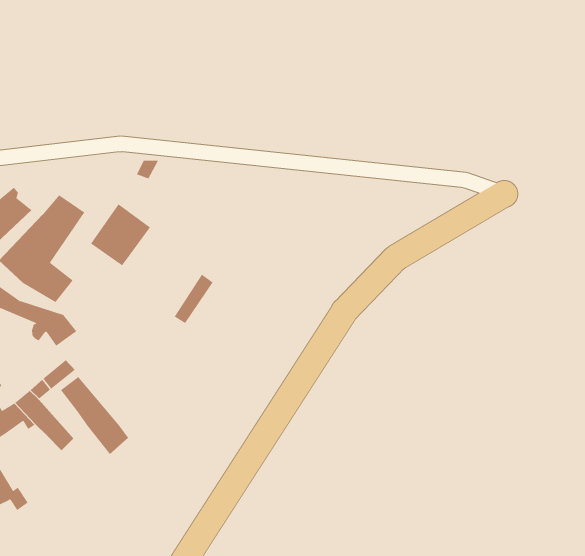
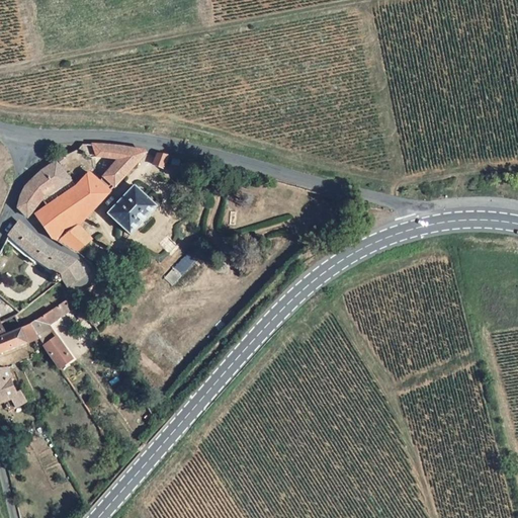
building: none -> [91,145,146,182]
building: [60,376,129,455] -> none

